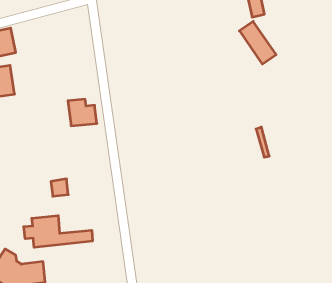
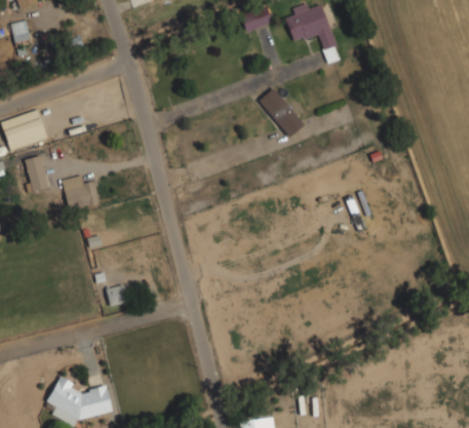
building: [239,21,276,64] -> [258,87,305,138]
building: [68,99,97,126] -> [62,176,100,209]
building: [24,216,92,247] -> none

